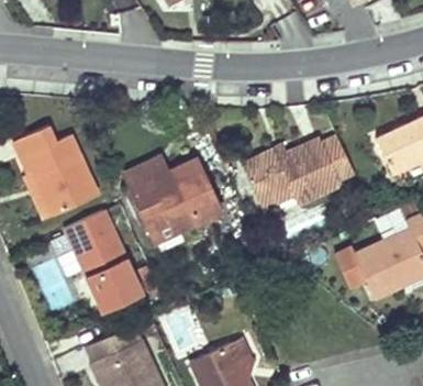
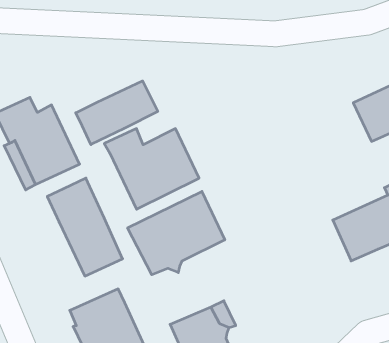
building: none -> [76,81,158,145]
building: [243,139,356,209] -> none
building: none -> [128,191,225,275]

